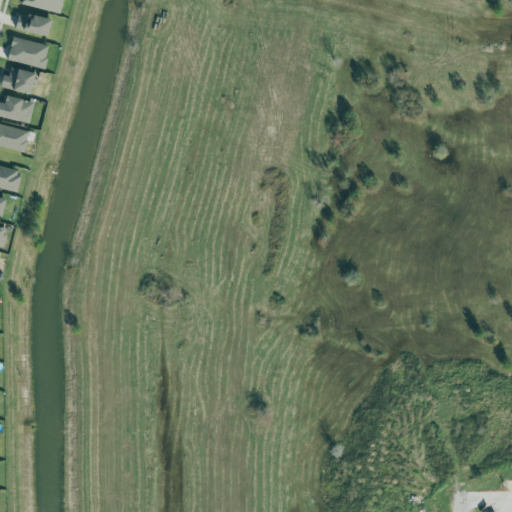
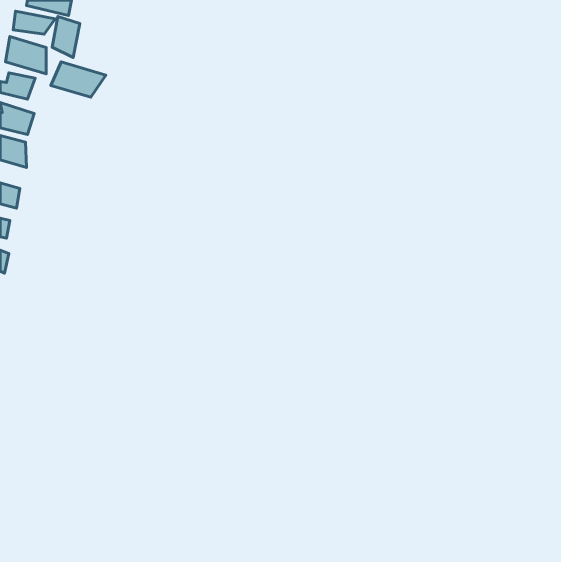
building: none -> [52,17,80,57]
building: none -> [51,62,106,97]

